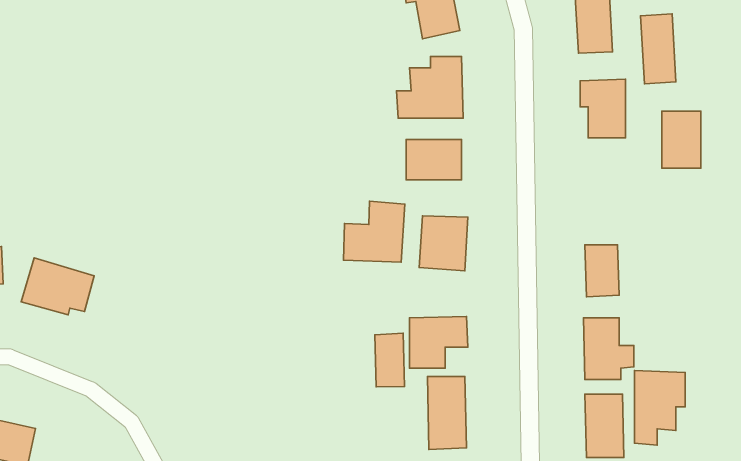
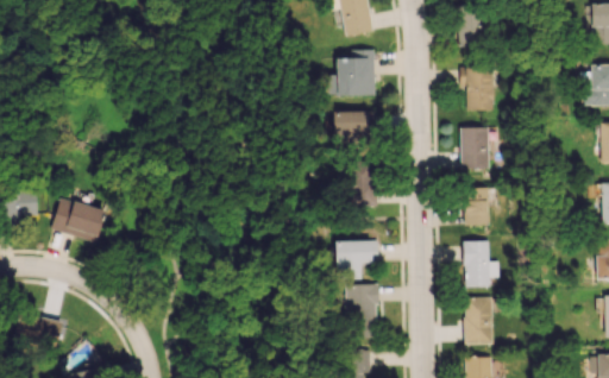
building: [641,14,676,84] -> none
building: [662,111,701,168] -> [462,127,490,169]
building: [344,201,405,262] -> none
building: [375,333,405,387] -> none
building: [635,371,685,445] -> none

